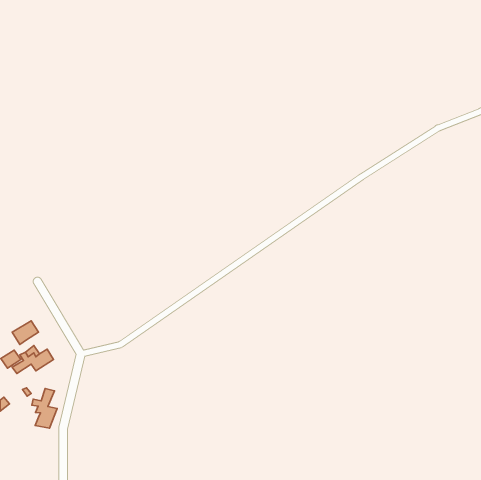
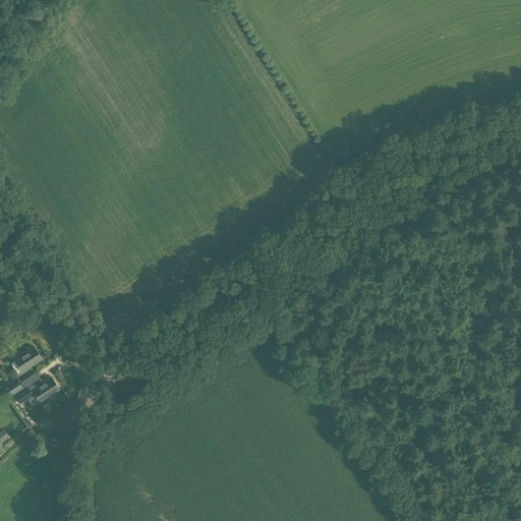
building: [32,389,57,428] -> none

